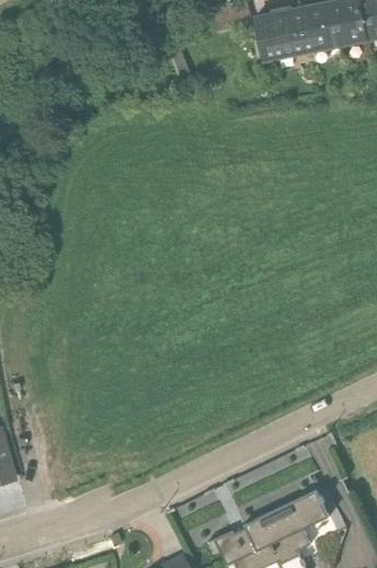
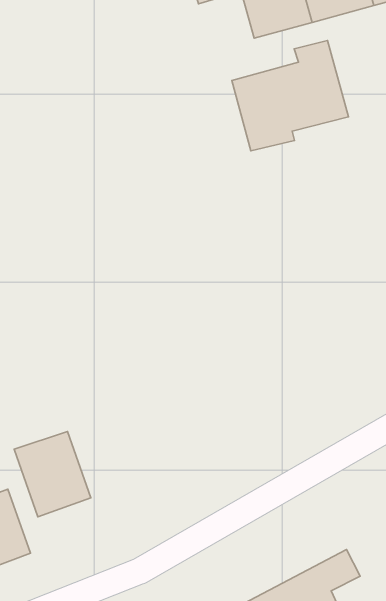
building: none -> [232,41,348,151]
building: none -> [14,432,91,517]

